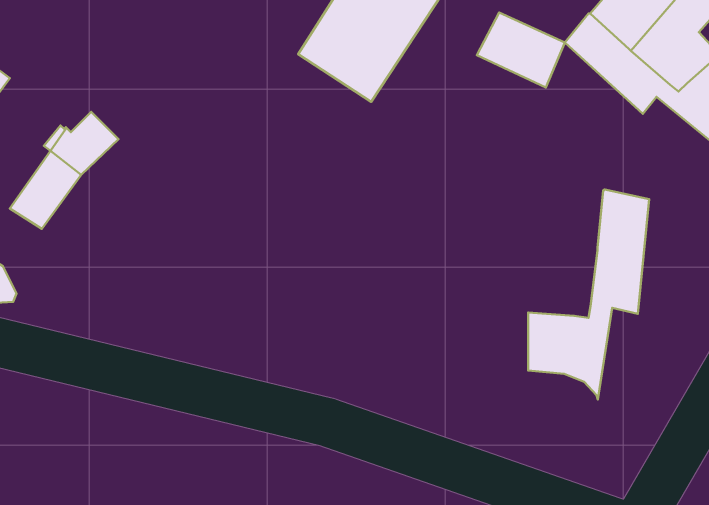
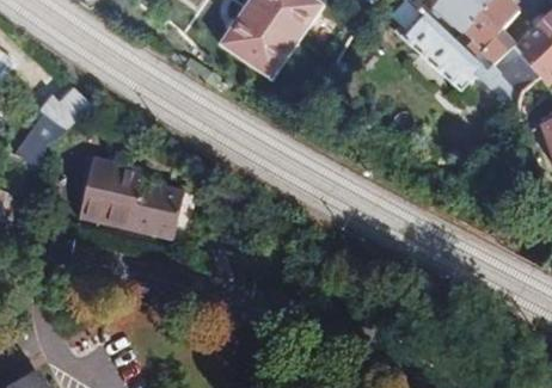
building: [477,13,565,88] -> none
building: [528,189,649,399] -> none
building: none -> [78,155,185,239]

